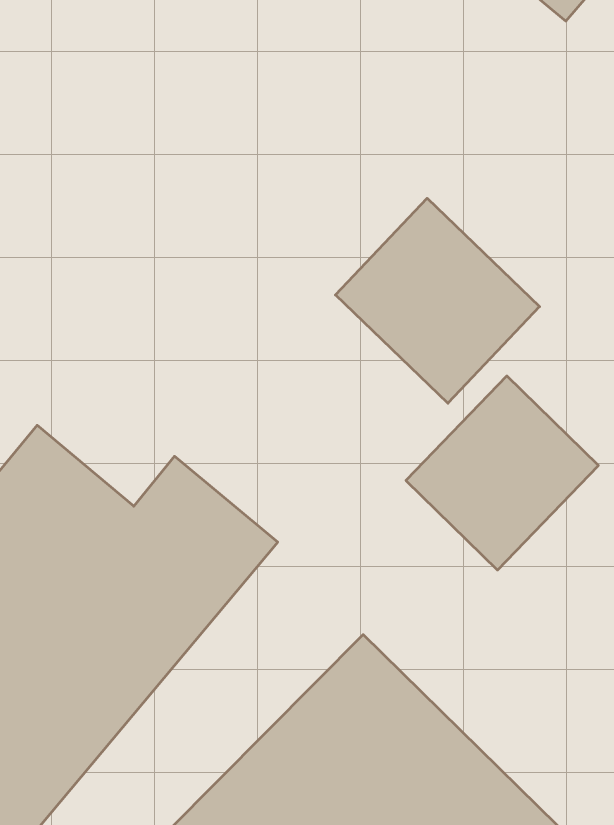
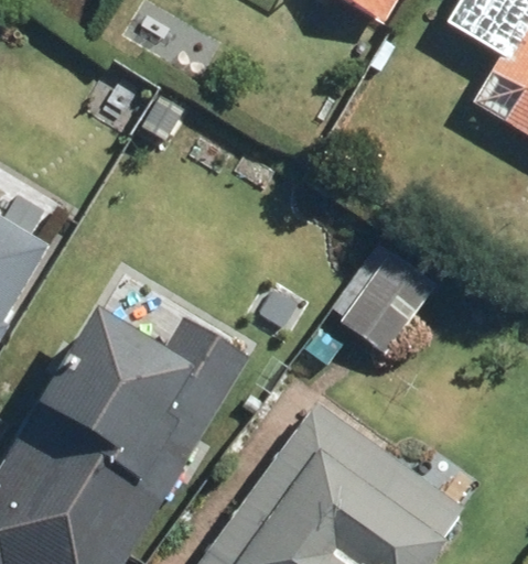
building: [335,198,540,403] -> none

